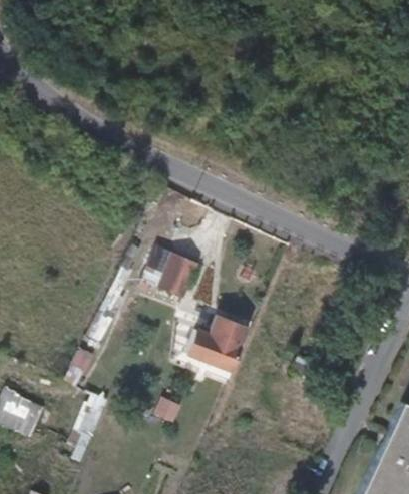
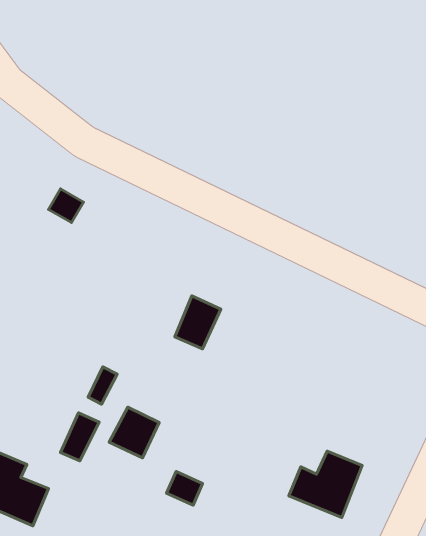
building: [187,316,249,371] -> [289,451,362,517]
building: none -> [109,407,159,458]

